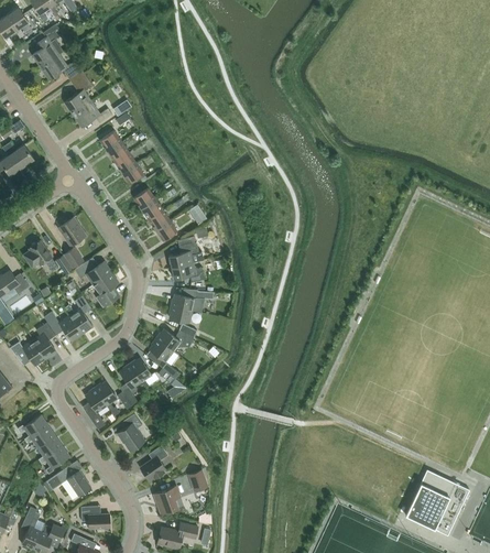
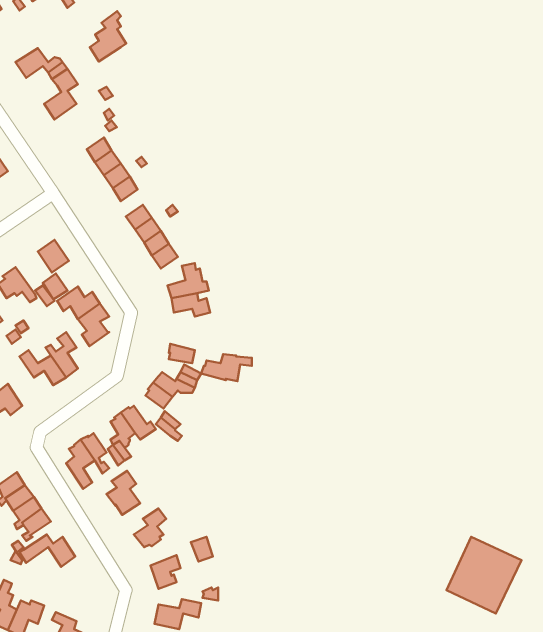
building: [32,23,63,66] -> [90,11,126,62]
building: [73,101,111,127] -> none
building: [171,289,214,312] -> [201,354,252,381]
building: [33,322,56,358] -> none
building: [80,505,110,528] -> none

